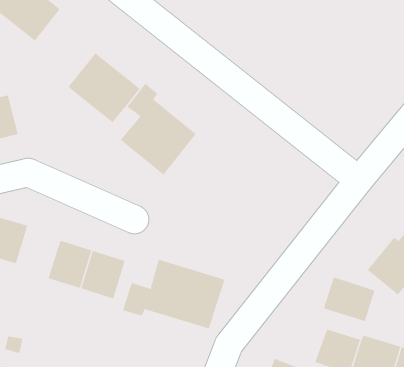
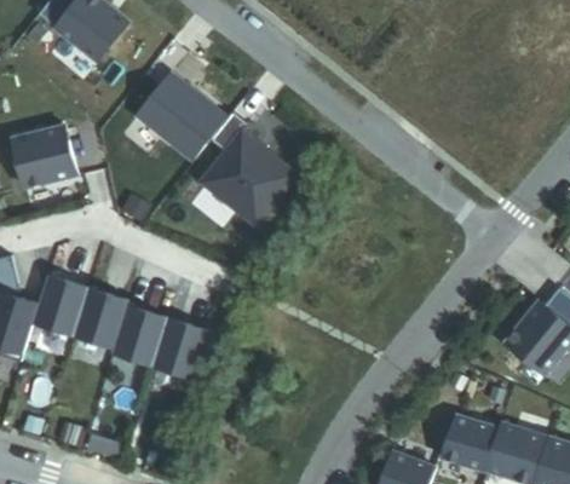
building: none -> [73,287,127,347]
building: [122,259,225,329] -> none
building: [323,277,375,322] -> none

